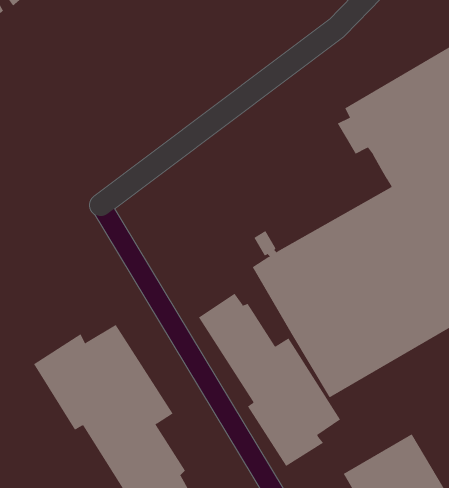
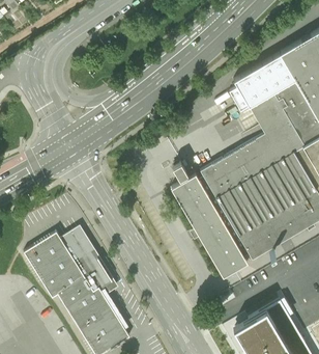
building: [198,293,341,467] -> none

